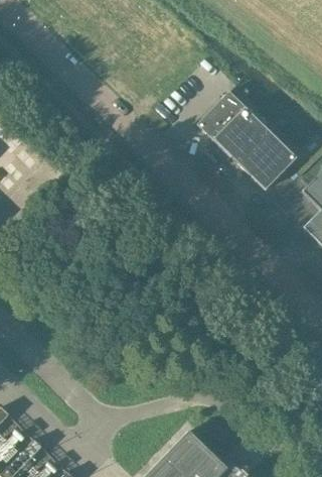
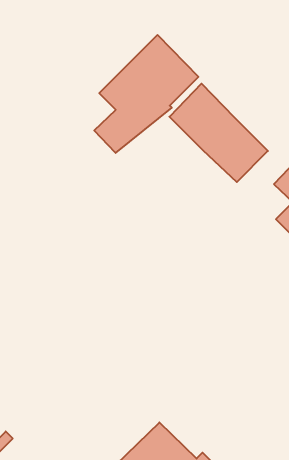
building: none -> [94,35,198,153]

